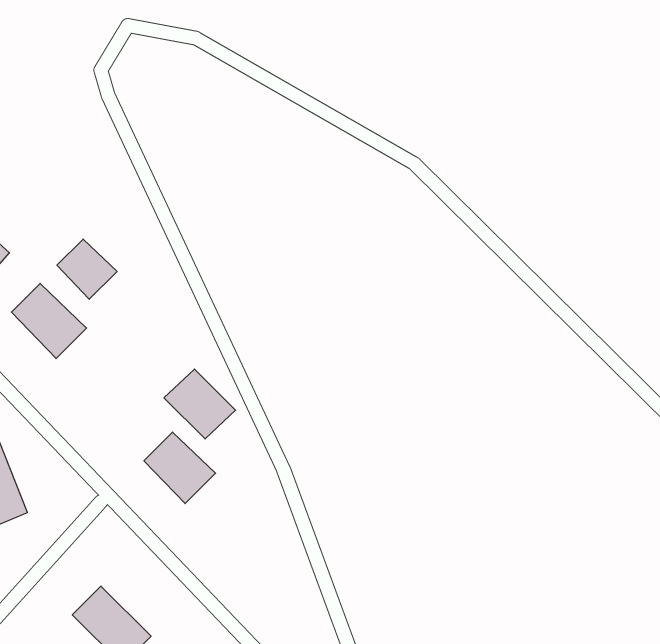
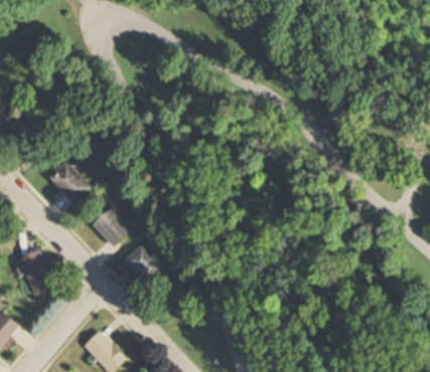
building: [57,239,117,299] -> none
building: [164,369,236,439] -> [91,208,131,247]

